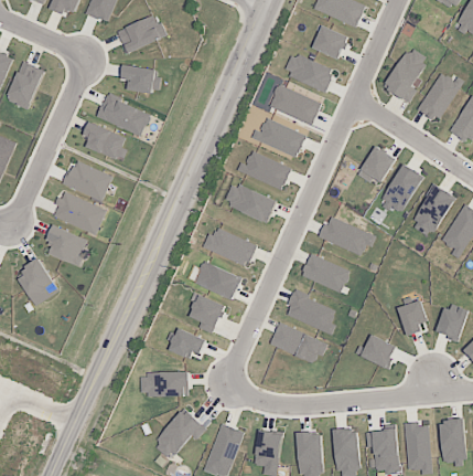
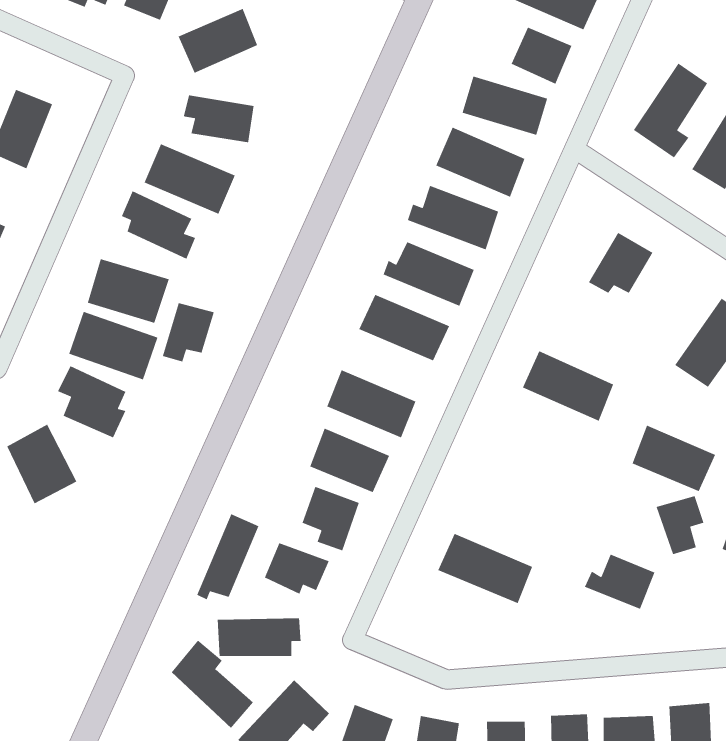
building: [380,165,423,214] -> none
building: none -> [162,302,215,363]
building: [301,253,351,293] -> [631,424,716,492]
building: [284,292,338,332] -> none
building: none -> [196,513,259,600]
building: none -> [171,639,254,729]

